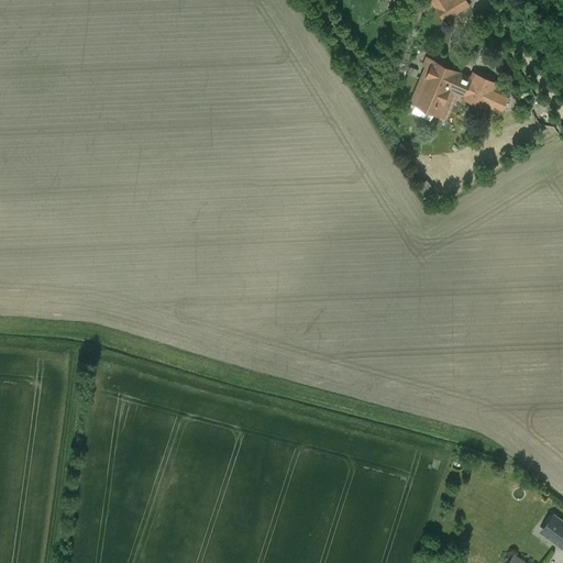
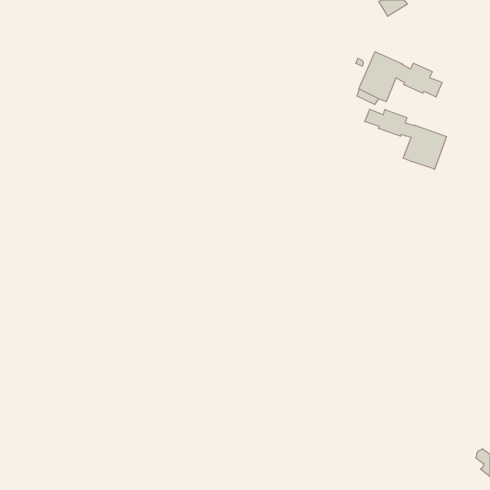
building: none -> [365,109,446,170]

